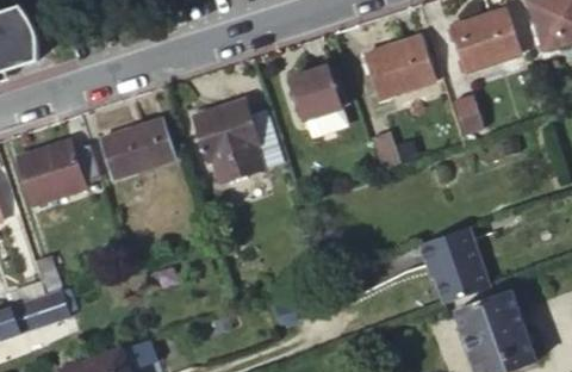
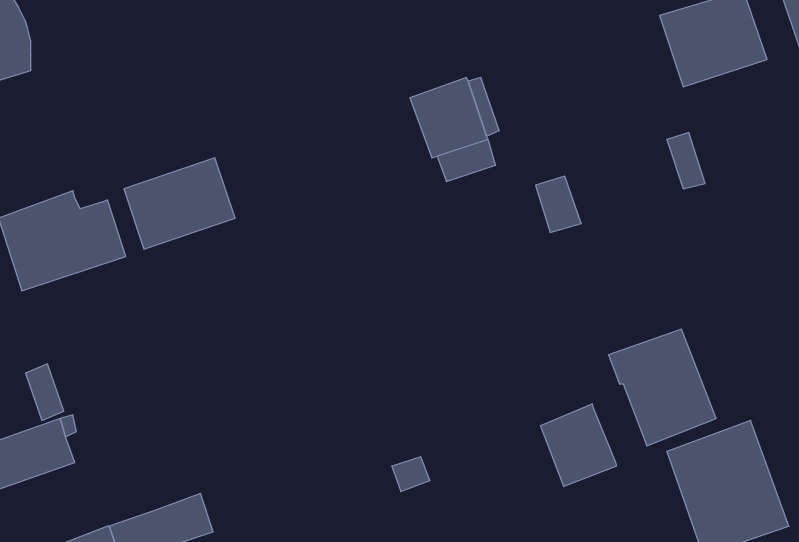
building: [363,37,429,98] -> none
building: [191,98,282,179] -> none
building: none -> [541,404,616,487]

